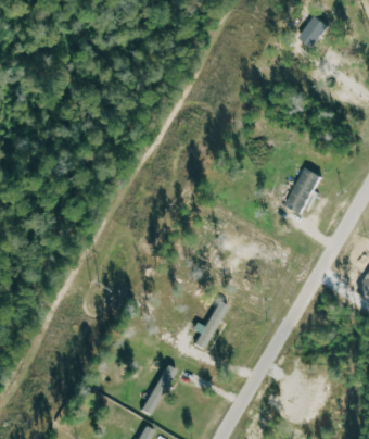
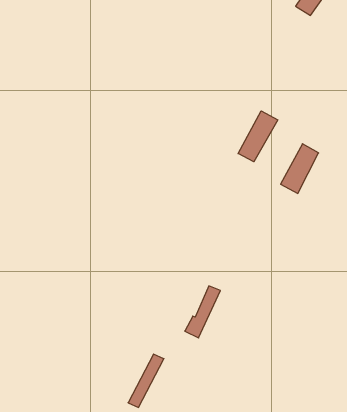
building: none -> [238,111,278,162]

